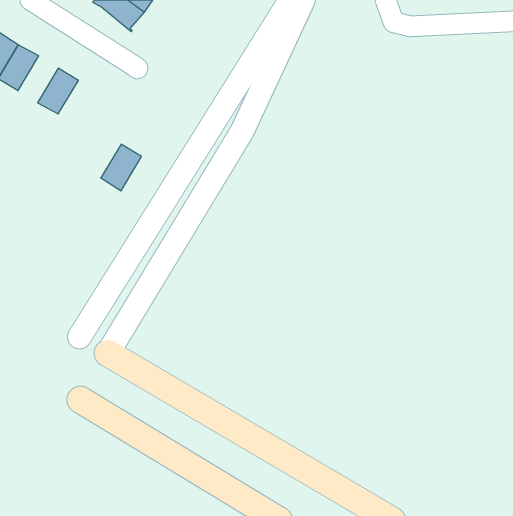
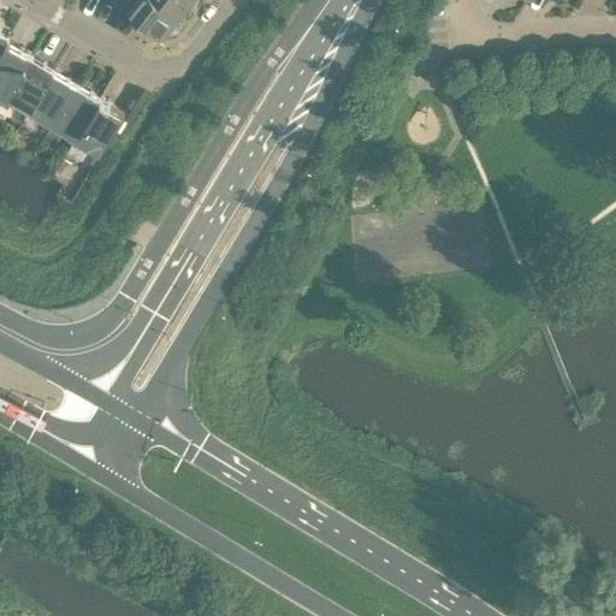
building: none -> [22,71,69,126]
building: [101,144,141,191] -> [69,100,117,155]

